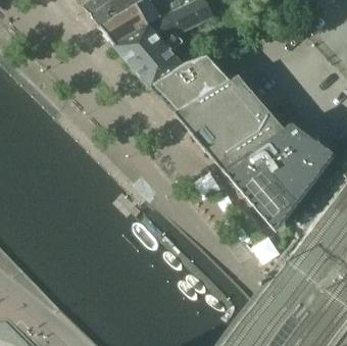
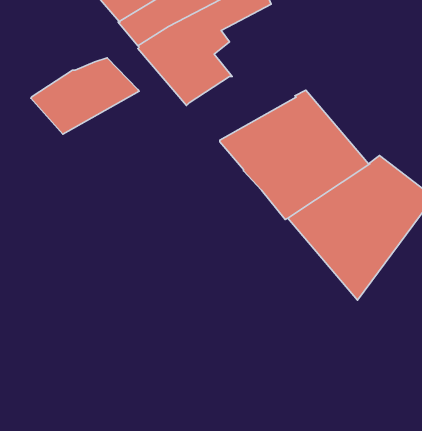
building: [151,56,231,112] -> [31,58,139,134]

